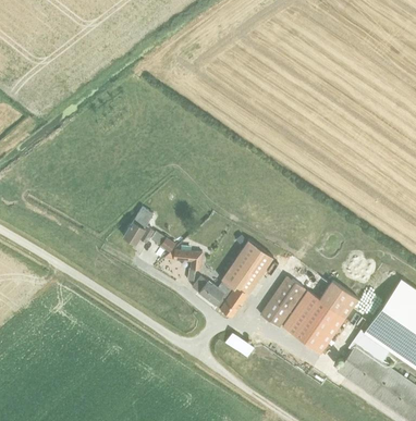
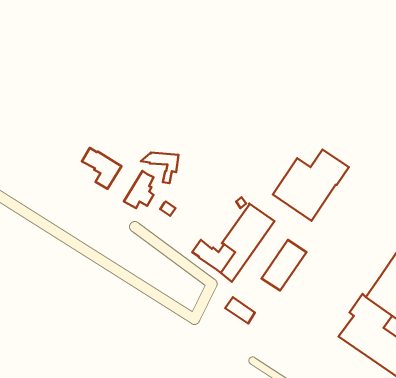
building: none -> [82,148,122,189]
building: [164,250,201,281] -> [141,152,178,183]
building: [283,281,358,351] -> [273,150,349,221]

